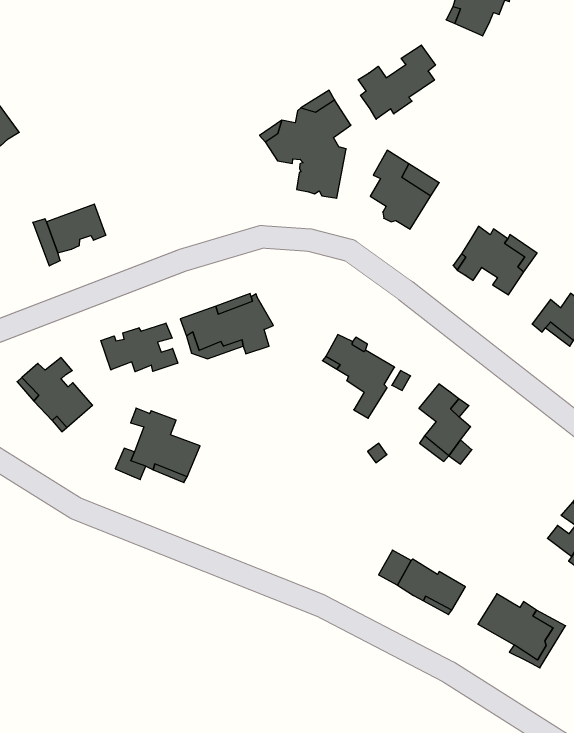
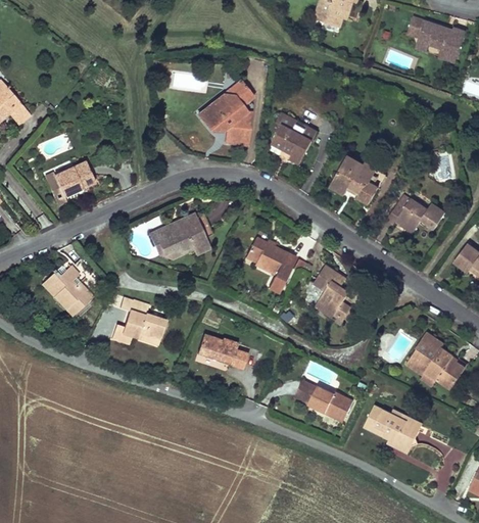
building: [358,45,435,119] -> none
building: [101,323,178,372] -> none
building: none -> [198,335,248,369]

